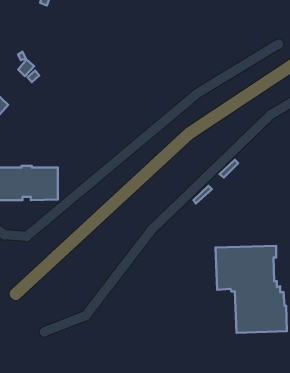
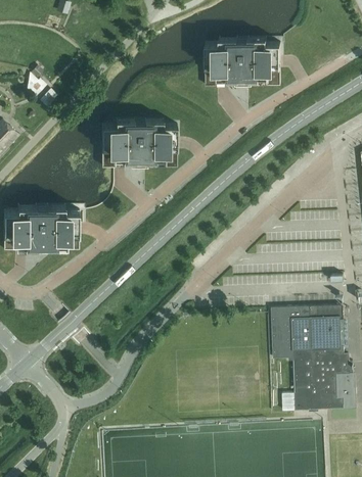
building: none -> [205,41,279,83]
building: none -> [101,123,176,164]

